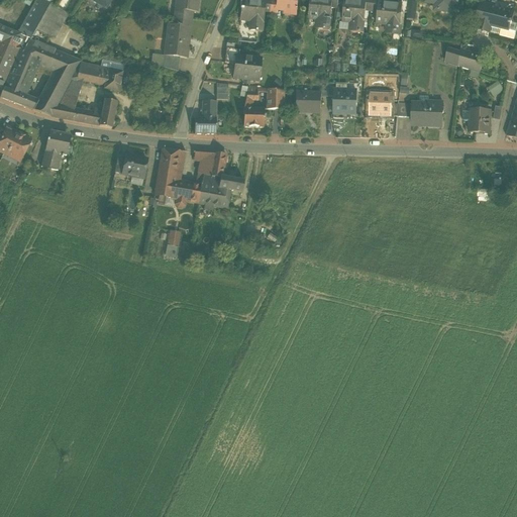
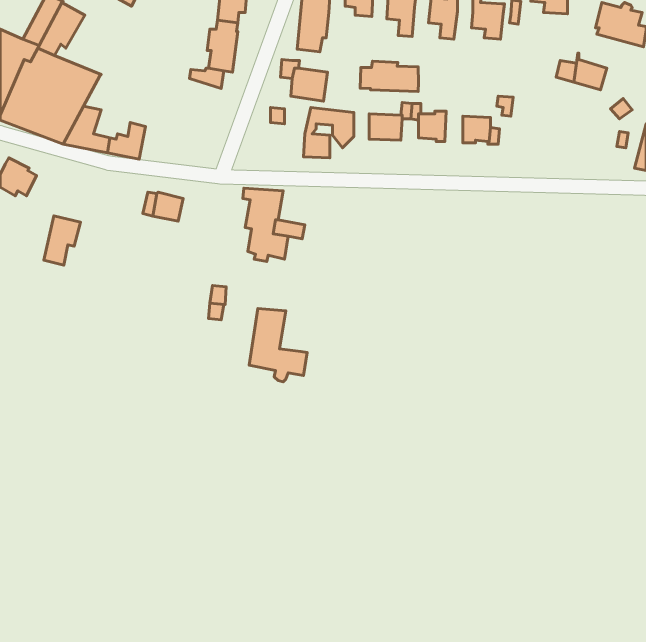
building: none -> [360,61,418,92]
building: [67,61,123,91] -> none
building: [194,100,216,133] -> none
building: [412,101,444,125] -> none
building: [462,109,490,131] -> none
building: [41,129,71,169] -> [44,216,80,265]
building: [154,147,201,206] -> [249,308,307,382]

